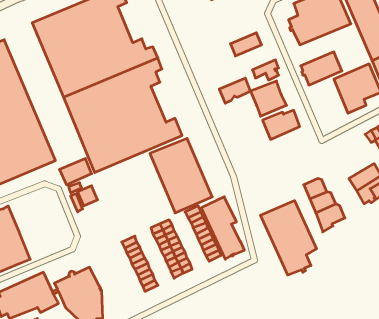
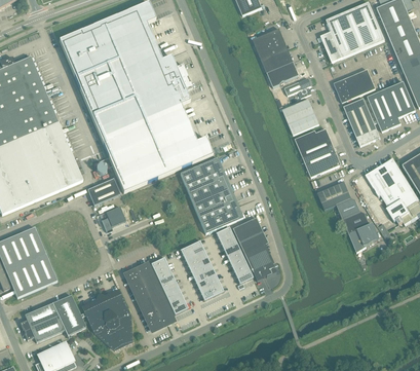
building: none -> [252,28,288,61]
building: [219,78,250,103] -> [266,62,298,87]
building: none -> [343,98,379,146]
building: none -> [302,145,340,177]
building: none -> [365,157,408,198]
building: none -> [316,182,350,210]
building: [261,201,316,275] -> none
building: none -> [124,263,173,330]

